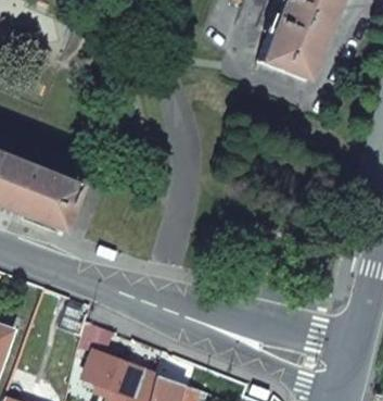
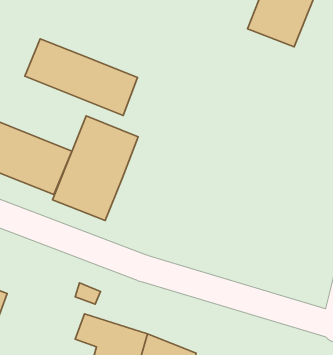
building: none -> [25,39,138,115]
building: none -> [52,116,138,220]

